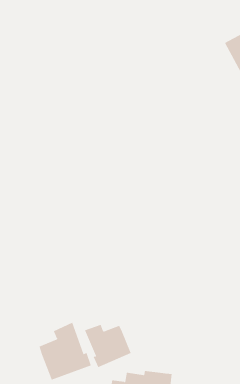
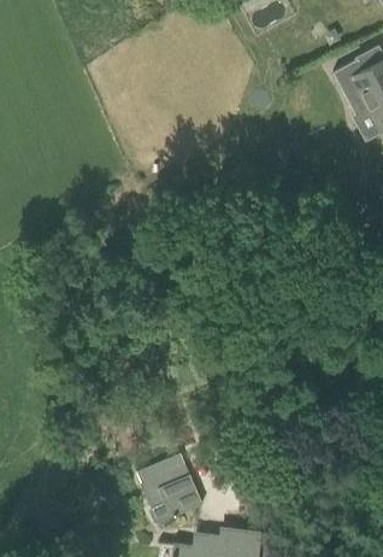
building: [39,322,92,380] -> none

